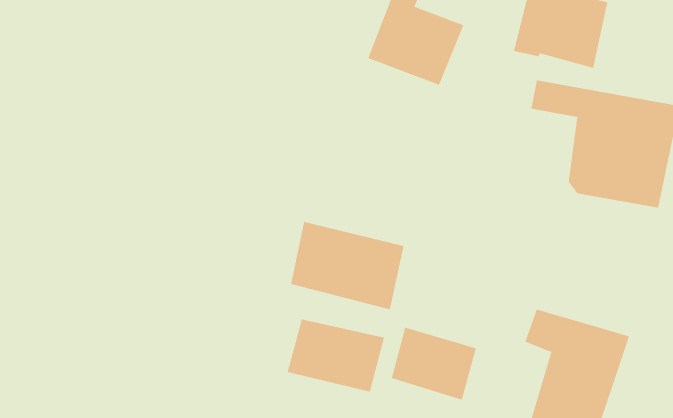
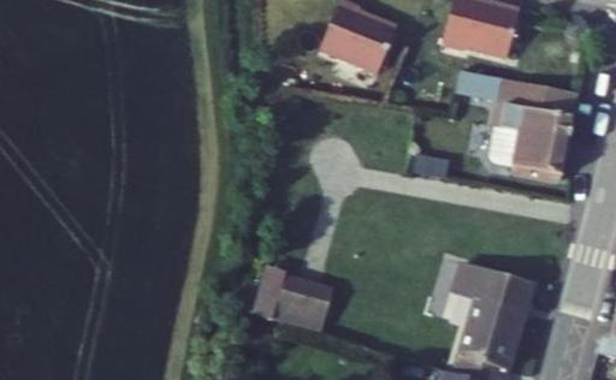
building: [290,221,404,310] -> none
building: [391,327,477,401] -> none

